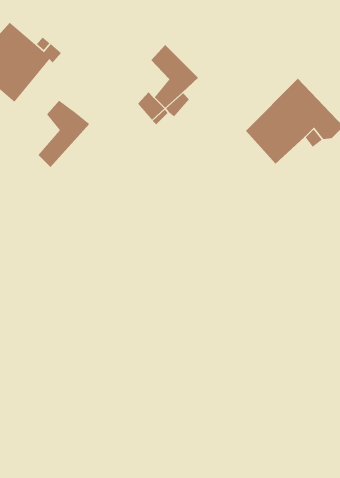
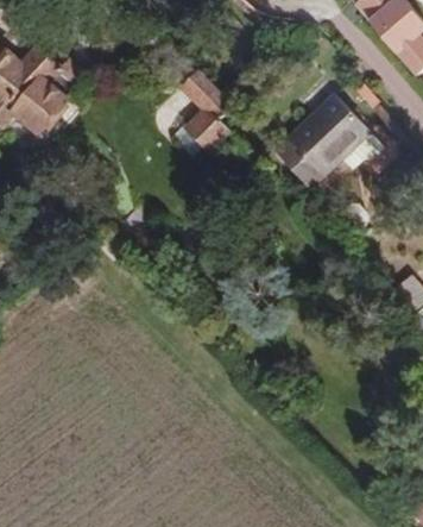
building: [37,100,90,168] -> none

